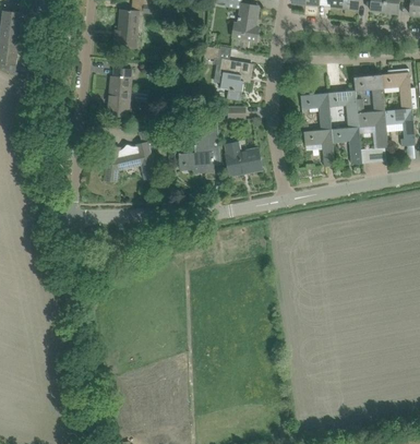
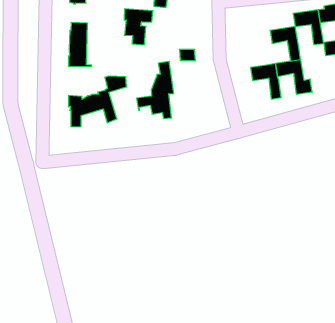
building: [219,60,252,100] -> [124,9,153,45]
building: [300,93,331,130] -> none
building: [357,111,387,148] -> none
building: [225,142,261,176] -> none

